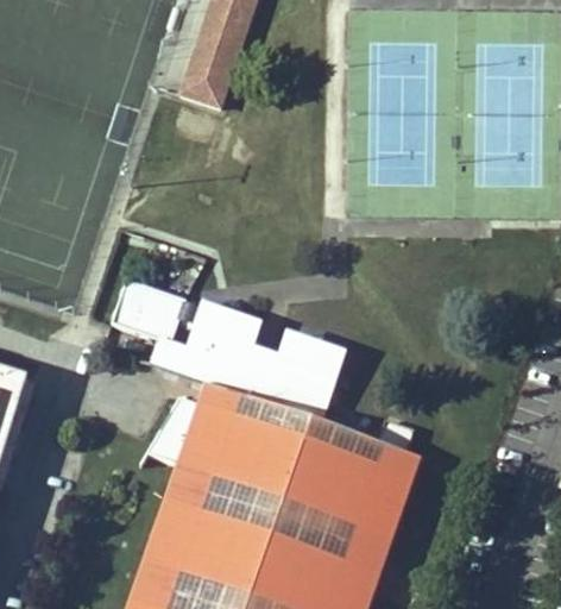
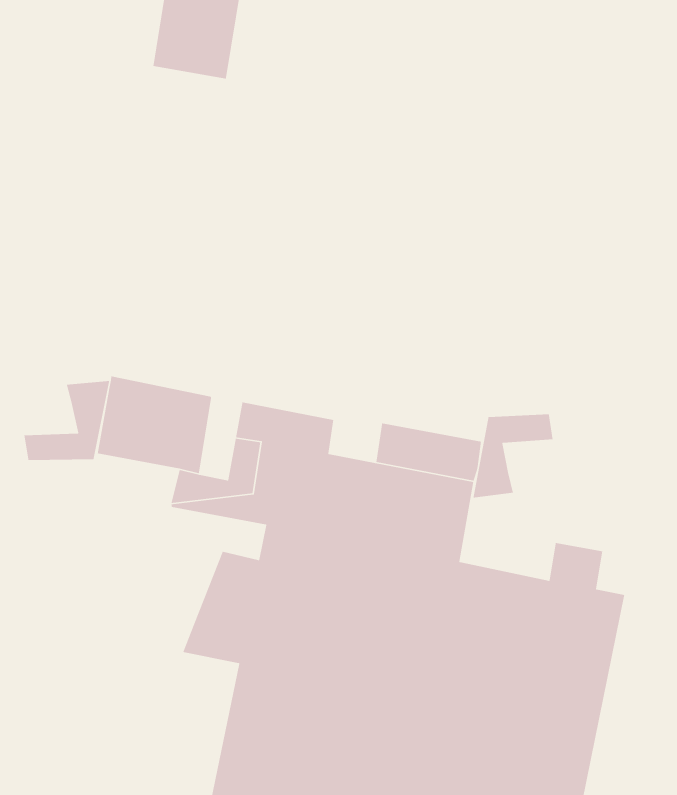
building: none -> [23,380,110,461]
building: none -> [473,413,553,499]

